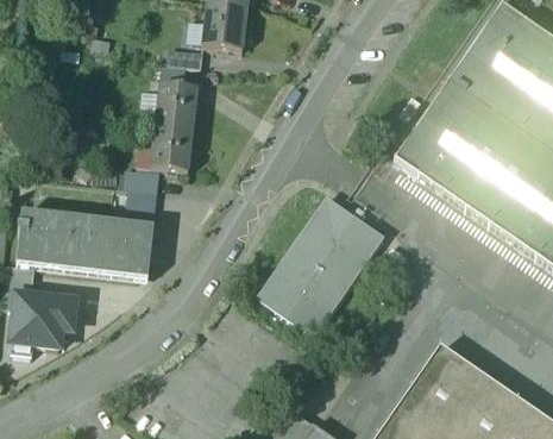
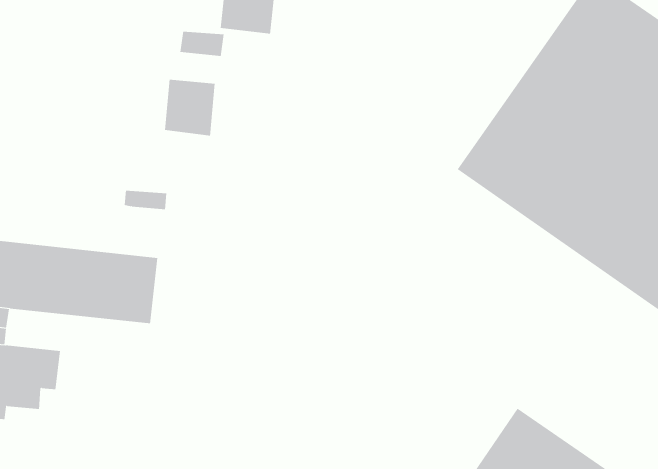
building: [155,125,196,171] -> none
building: [131,186,161,215] -> none
building: [258,194,383,334] -> none

